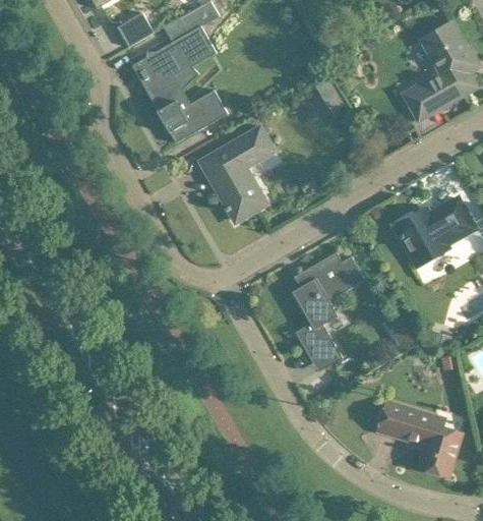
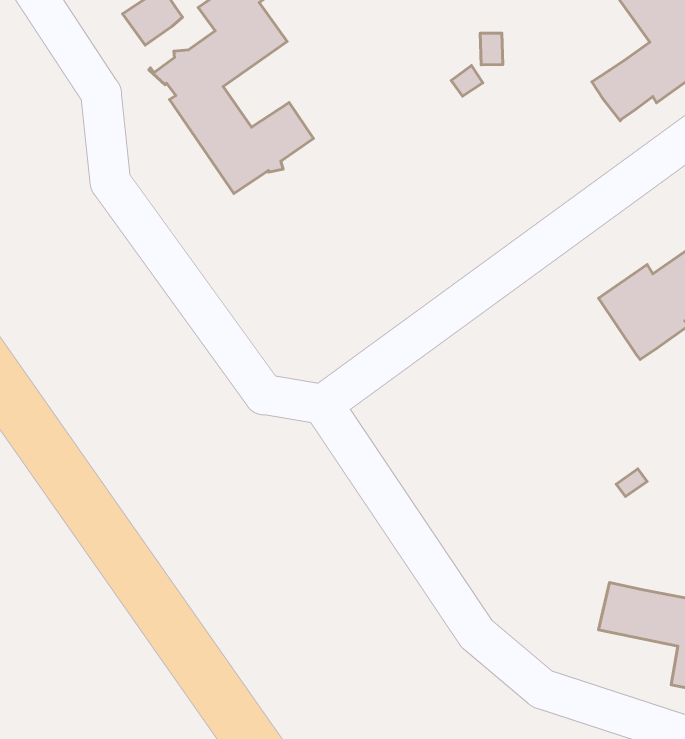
building: [199,125,276,225] -> none
building: [292,251,365,361] -> none

